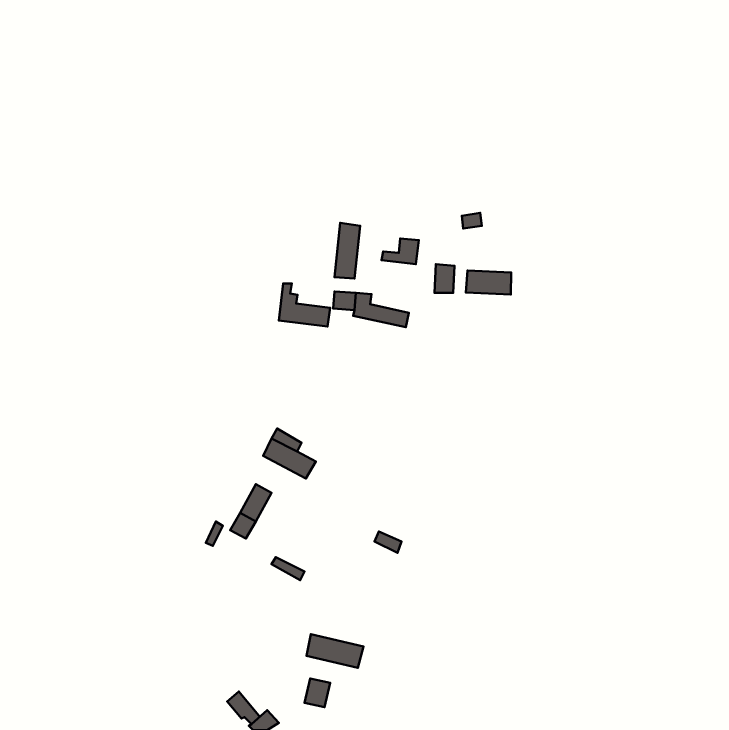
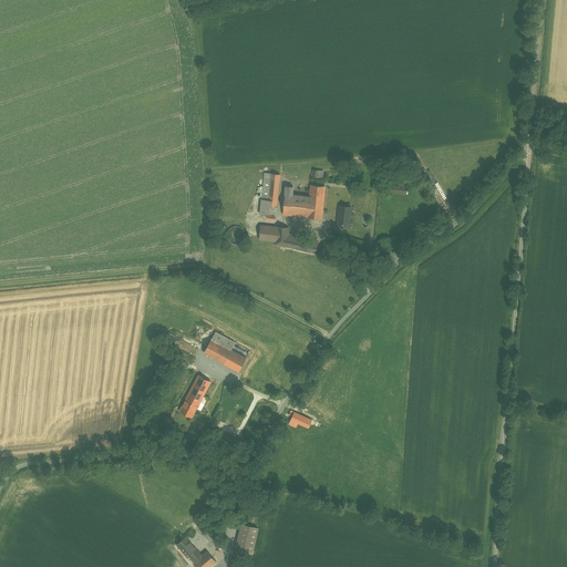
building: [466,270,511,295] -> none
building: [279,284,330,326] -> [282,186,322,219]
building: [306,634,363,668] -> none

